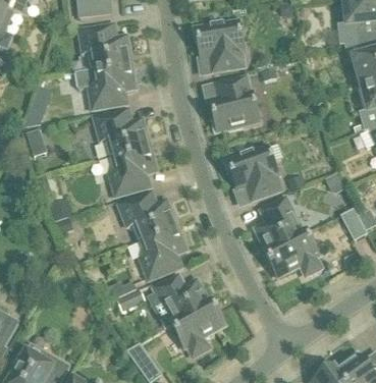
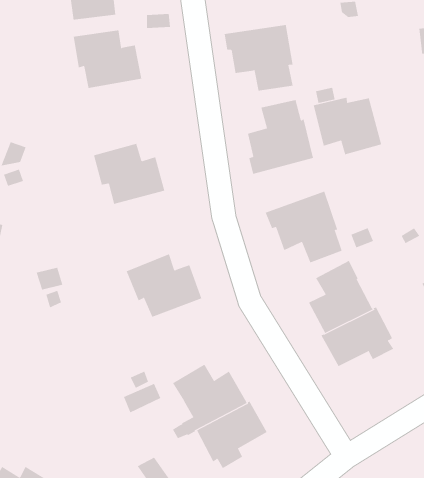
building: [89,61,136,108] -> none
building: none -> [313,97,382,155]
building: [110,145,156,196] -> none
building: [139,225,186,279] -> none

